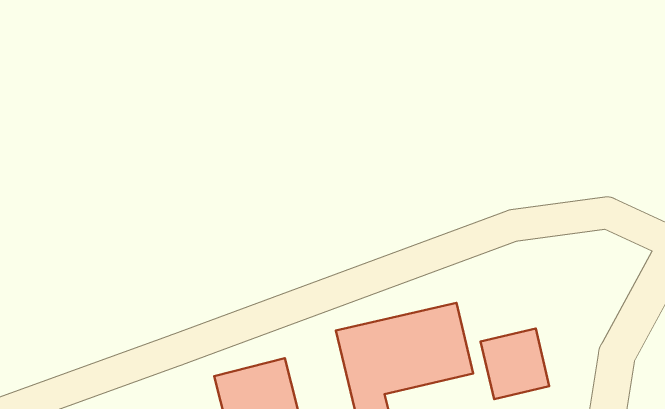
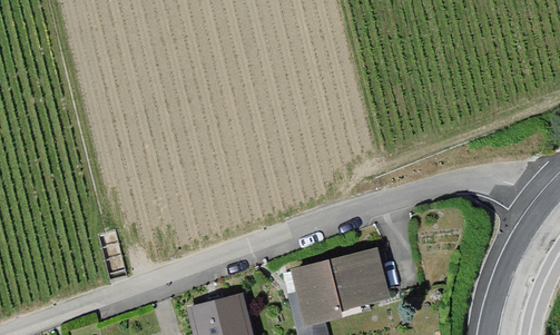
building: [481,328,549,399] -> none

